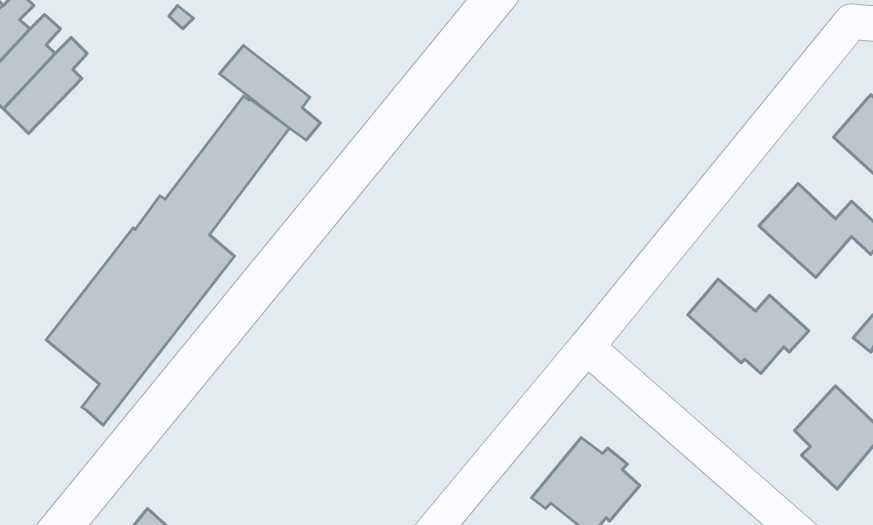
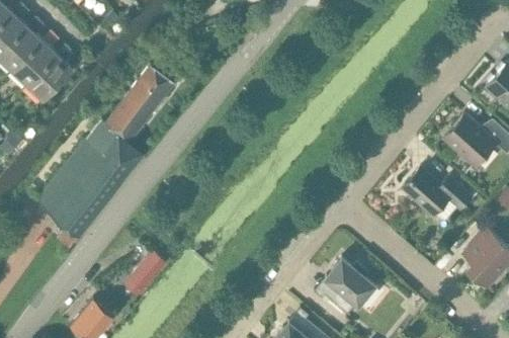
building: [219,45,320,140] -> none
building: none -> [26,46,74,101]
building: none -> [129,251,165,290]

